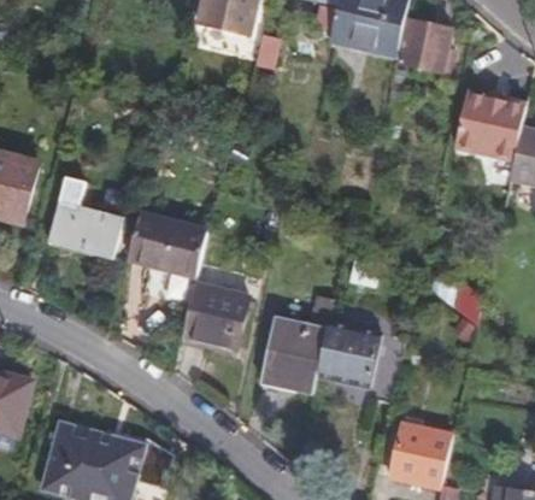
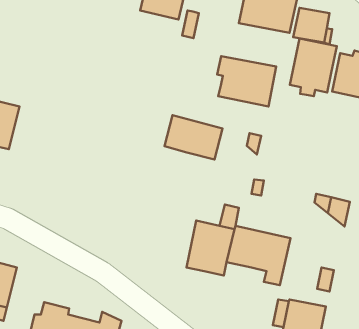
building: none -> [290,38,337,96]
building: none -> [217,56,276,107]
building: [47,204,122,259] -> none
building: [127,213,205,273] -> [165,115,222,159]
building: [184,286,248,347] -> none

